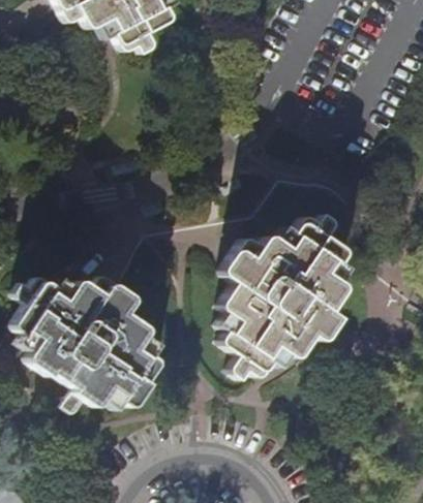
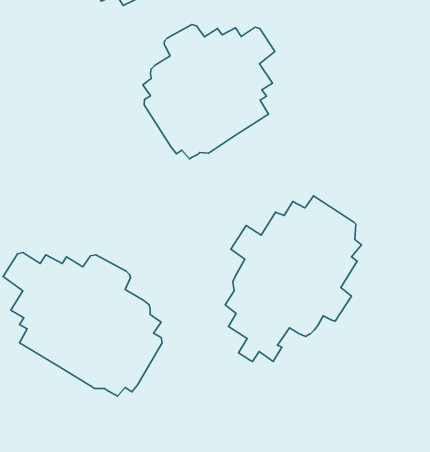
building: none -> [143,24,275,159]

